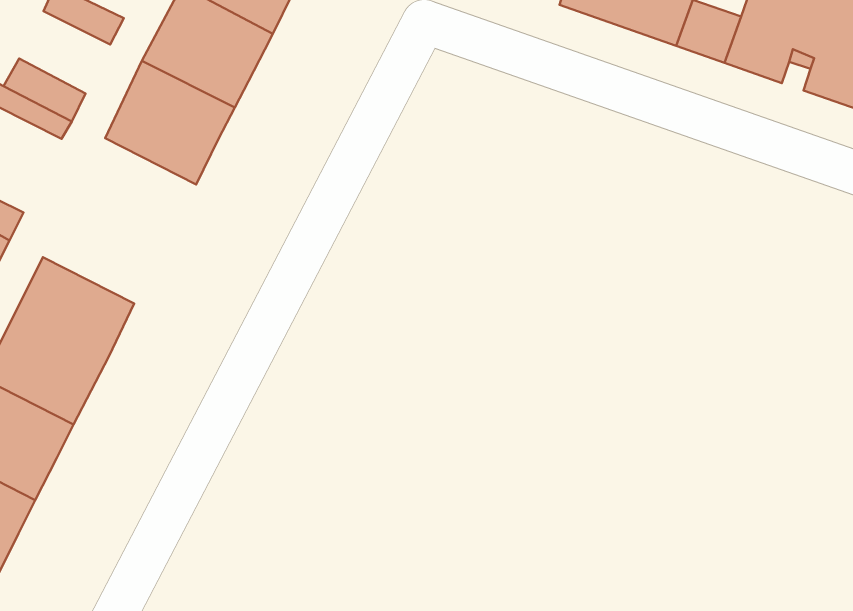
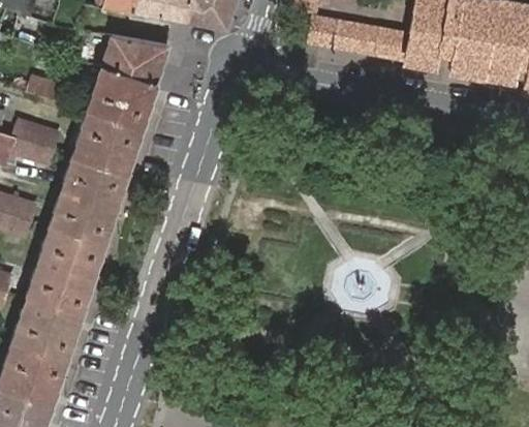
building: none -> [51,156,128,244]

